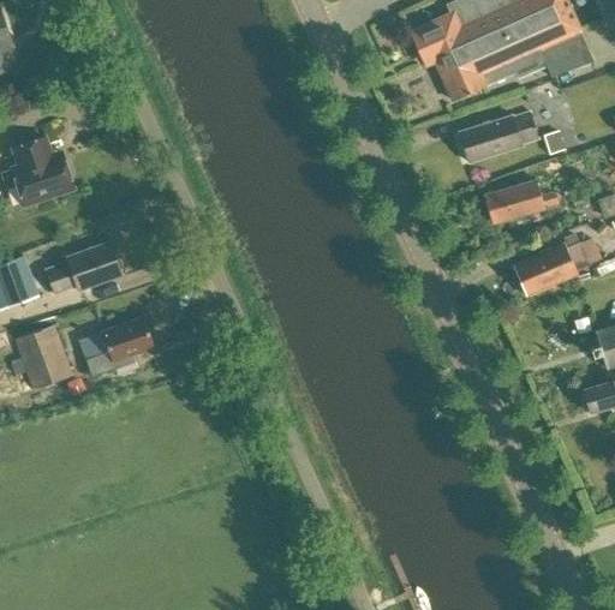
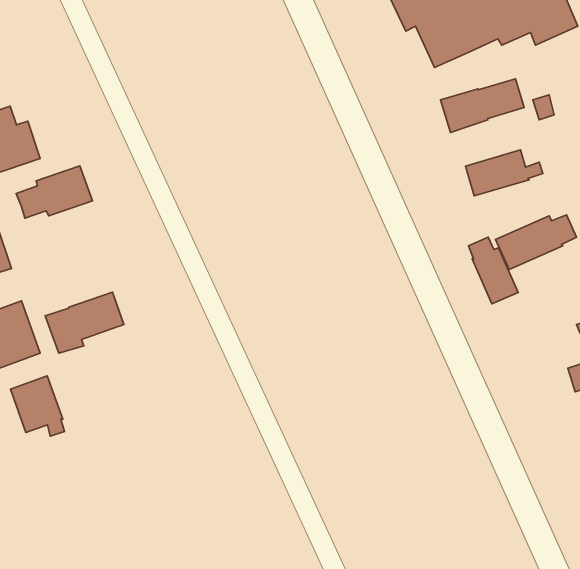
building: [47,241,120,292] -> [16,166,92,218]
building: none -> [469,237,518,304]
building: none -> [11,376,64,436]

